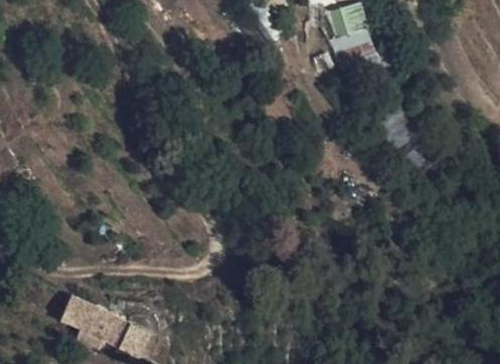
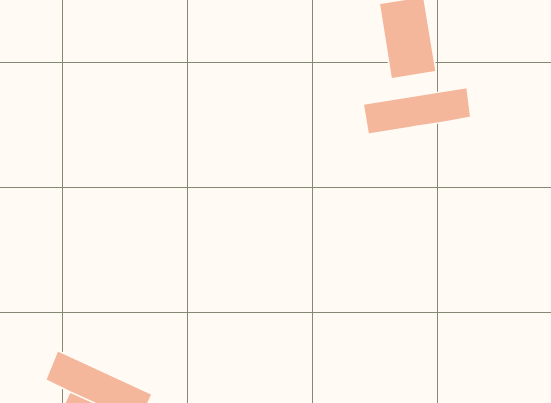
building: none -> [363,87,471,134]

